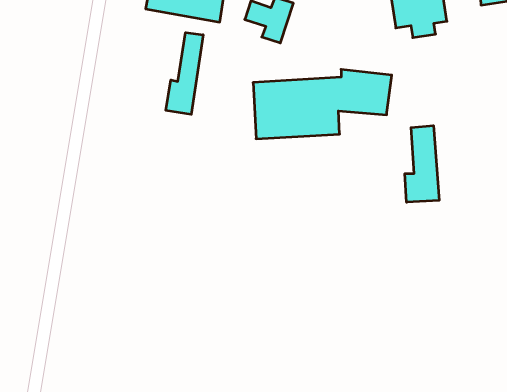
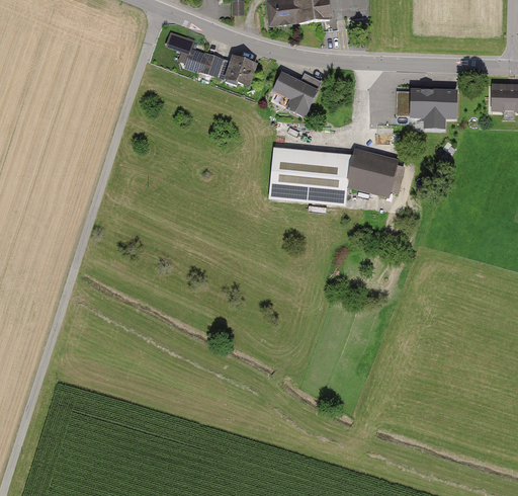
building: [166,33,203,114] -> none
building: [405,126,439,202] -> none

